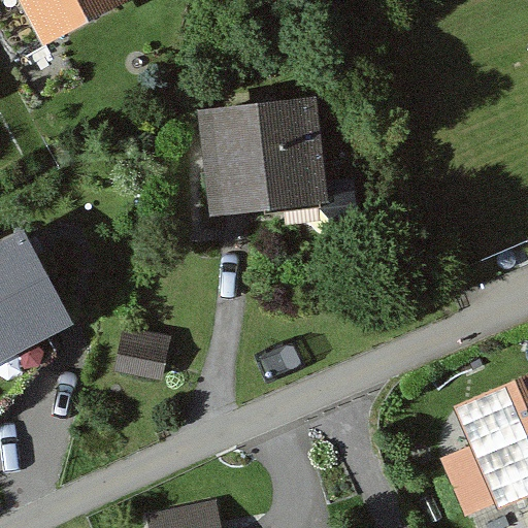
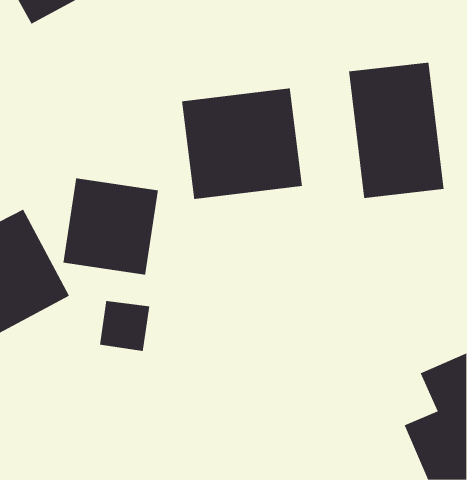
building: none -> [349,62,444,199]
building: none -> [63,178,158,276]

